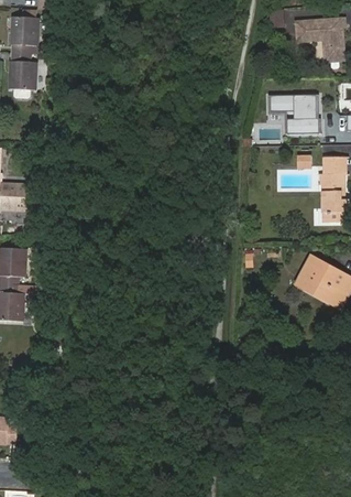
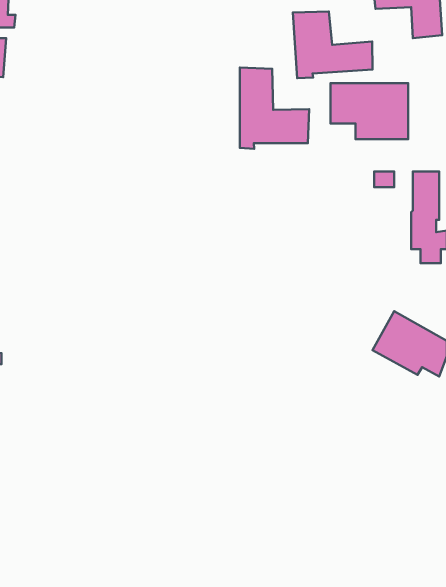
building: none -> [293,11,372,78]
building: none -> [240,67,309,149]

